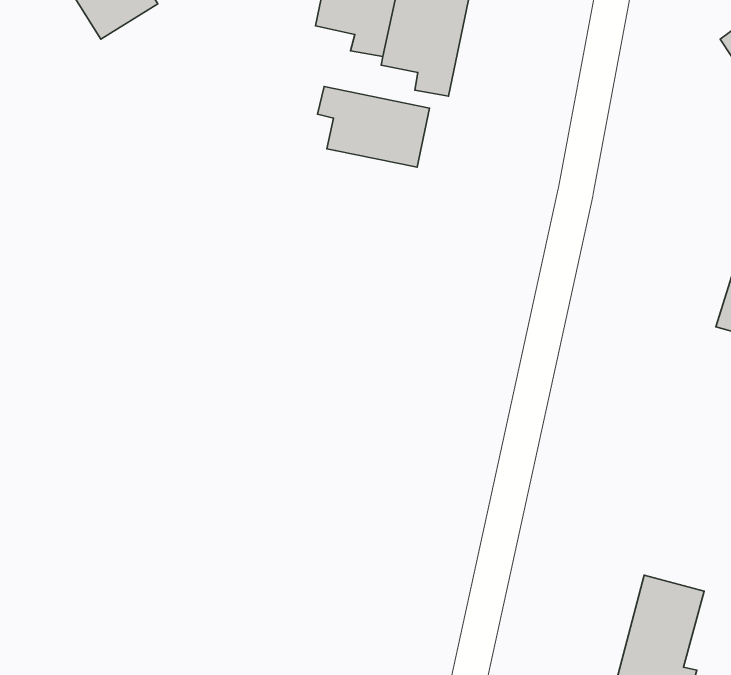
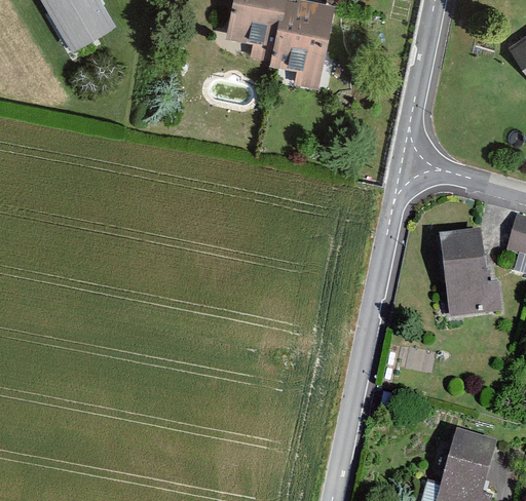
building: [317,86,429,167] -> none
building: none -> [439,235,502,320]

